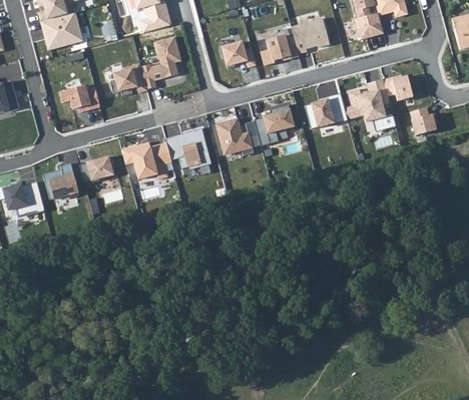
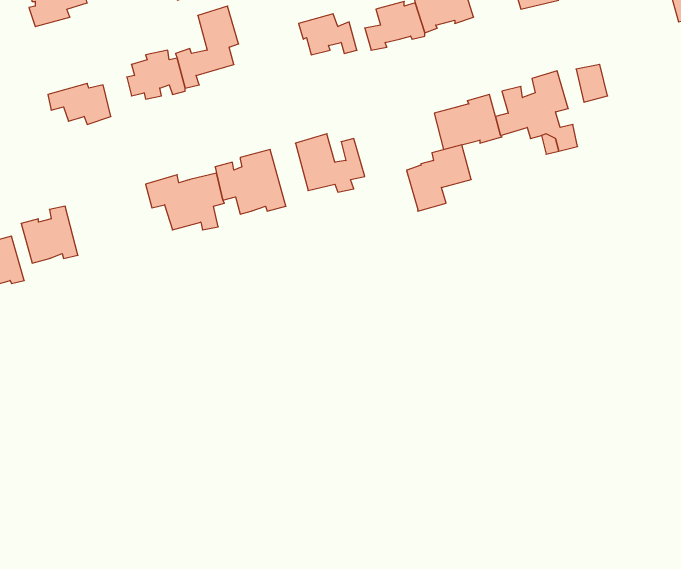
building: [254,104,295,146] -> [407,145,471,211]
building: [412,105,437,132] -> none
building: [78,157,112,183] -> none

